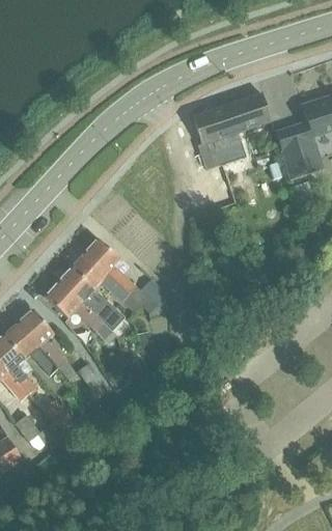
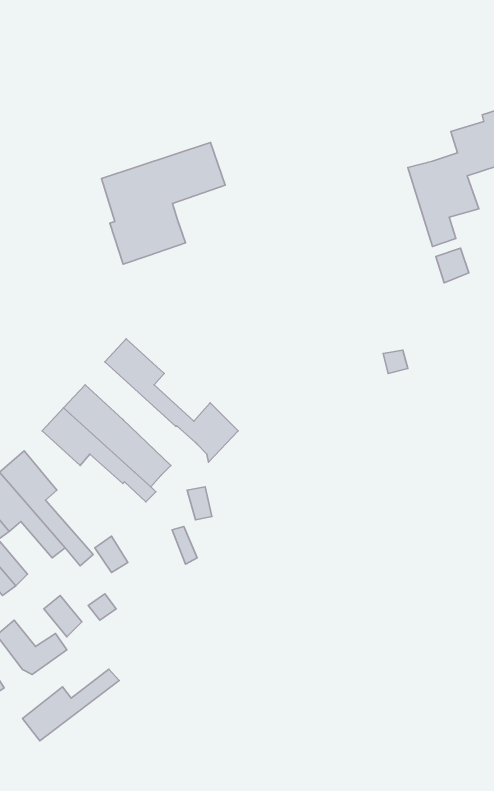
building: [193,92,271,169] -> [102,142,225,264]
building: [72,252,141,312] -> none
building: none -> [22,669,119,741]

